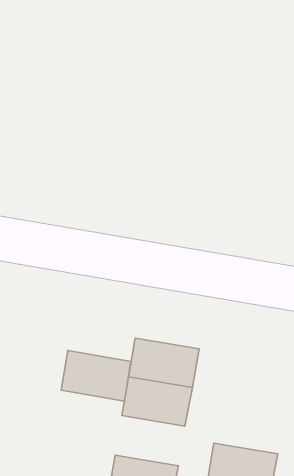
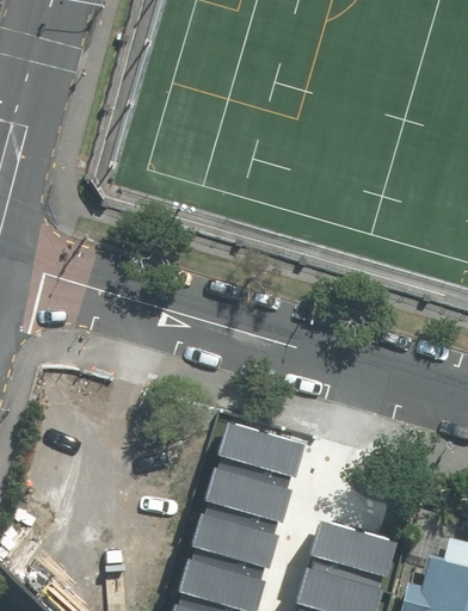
building: [61,351,131,401] -> [190,514,277,582]
building: none -> [309,520,395,581]

